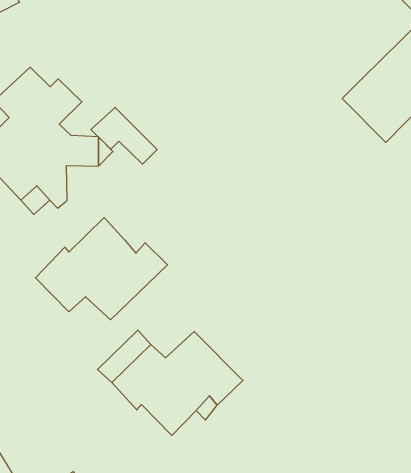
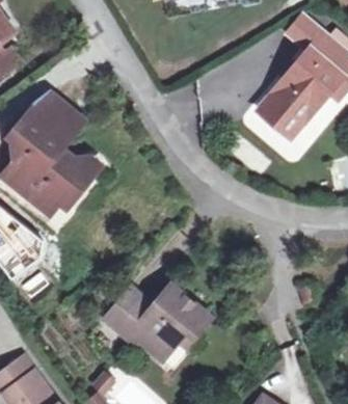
building: [91,107,157,164] -> [33,91,82,130]
building: [35,218,167,320] -> none

